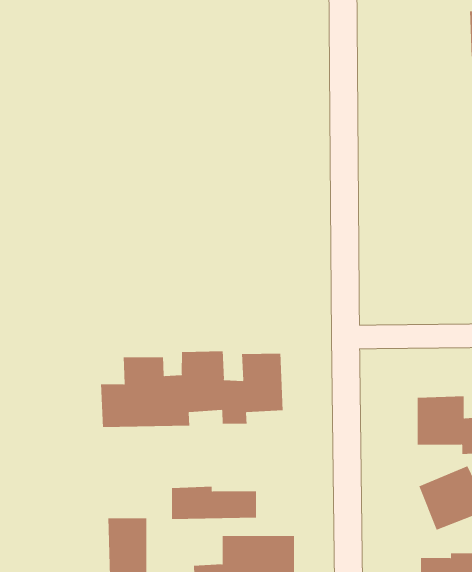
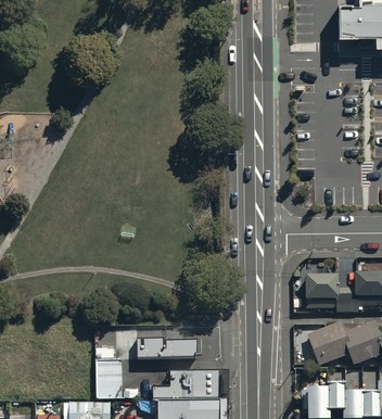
building: [101,351,283,428] -> none

